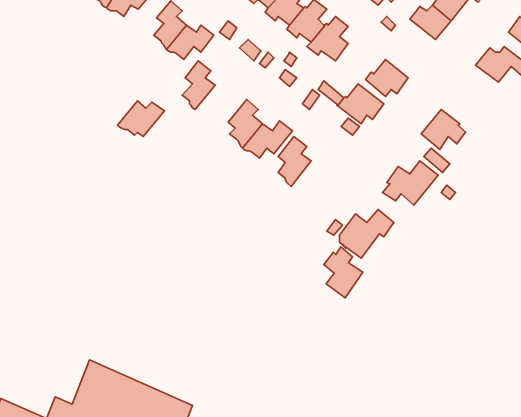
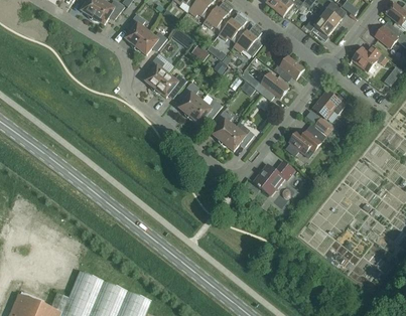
building: [117,101,165,137] -> [154,72,187,98]
building: none -> [222,126,255,150]
building: [324,247,363,298] -> none

